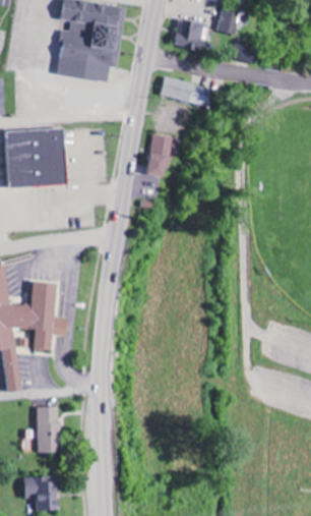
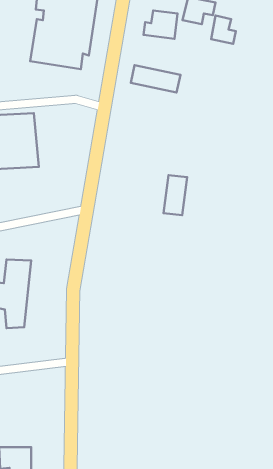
building: none -> [211,15,236,44]
building: [148,134,173,176] -> [164,175,187,215]
building: [36,407,60,453] -> none

